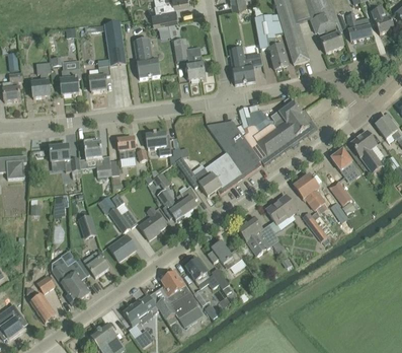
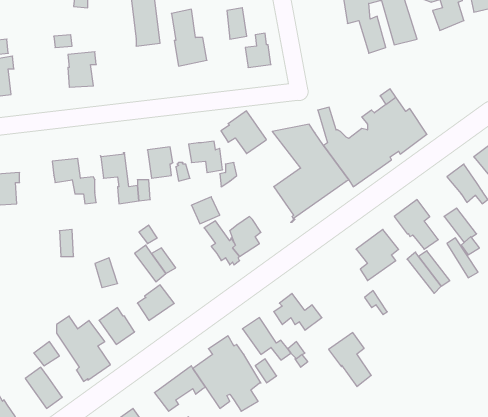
building: [230,48,255,84] -> none
building: [89,60,110,91] -> none
building: [32,63,51,97] -> none
building: [189,165,222,196] -> [221,111,266,154]
building: [140,208,166,239] -> none
building: [237,217,267,256] -> [329,333,371,387]

